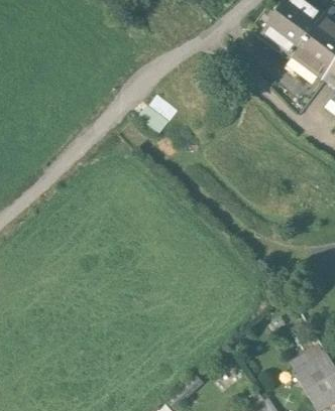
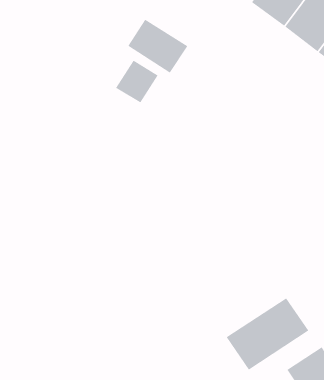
building: none -> [127,19,188,74]
building: none -> [226,297,309,370]

